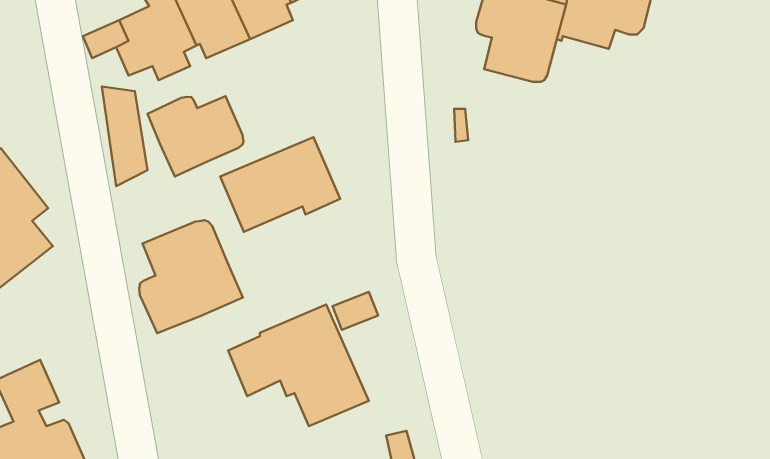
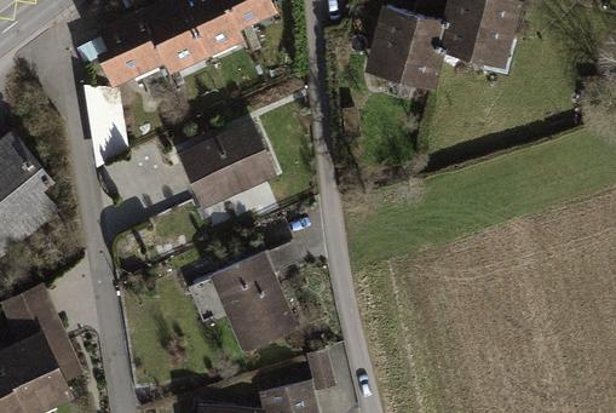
building: [147,96,243,176] -> none
building: [139,220,243,333] -> none

